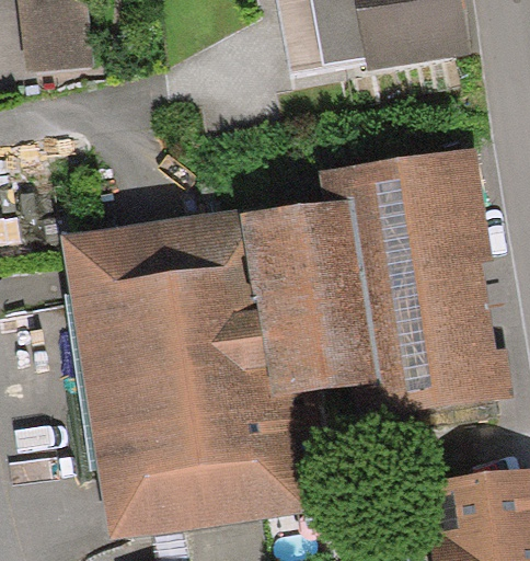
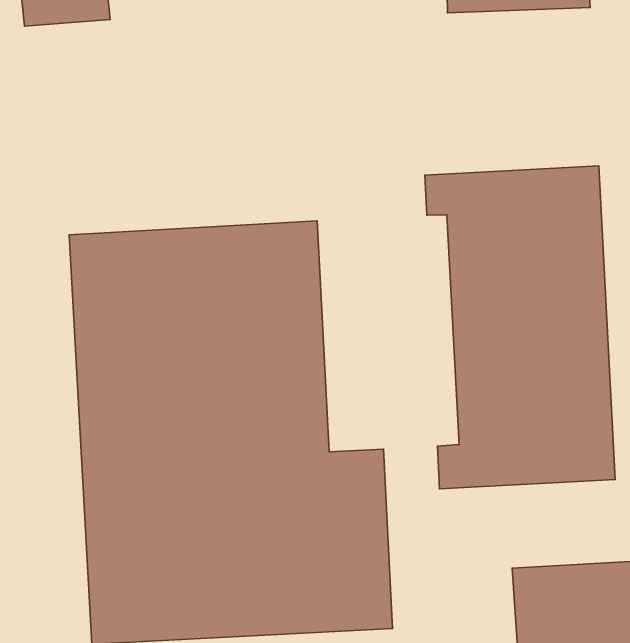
building: [260,201,378,388] -> none

